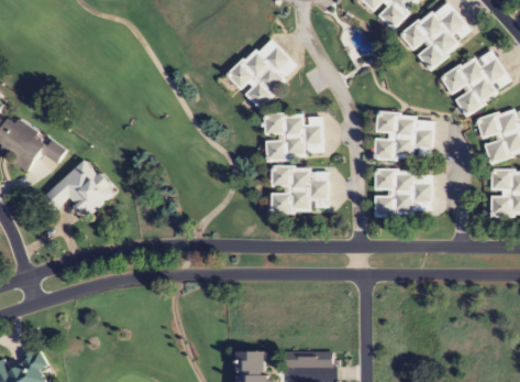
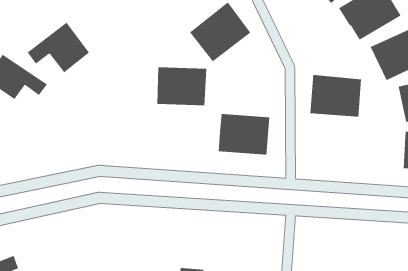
building: [264,113,323,160] -> [157,67,207,106]
building: [41,159,114,219] -> [27,22,90,73]
building: [374,170,432,216] -> none

